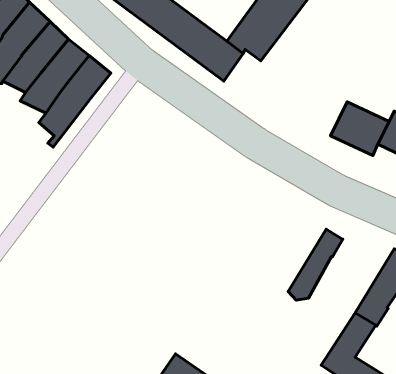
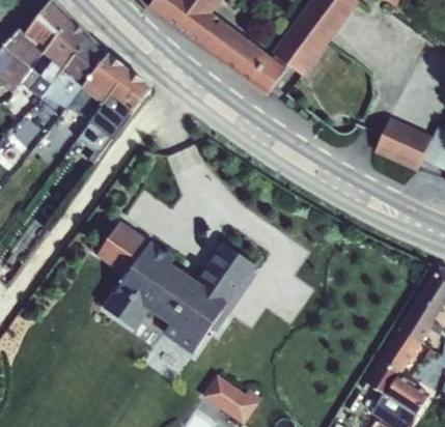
building: none -> [94,215,257,352]
building: [288,229,343,300] -> none

